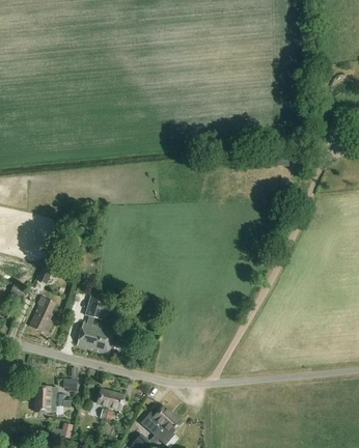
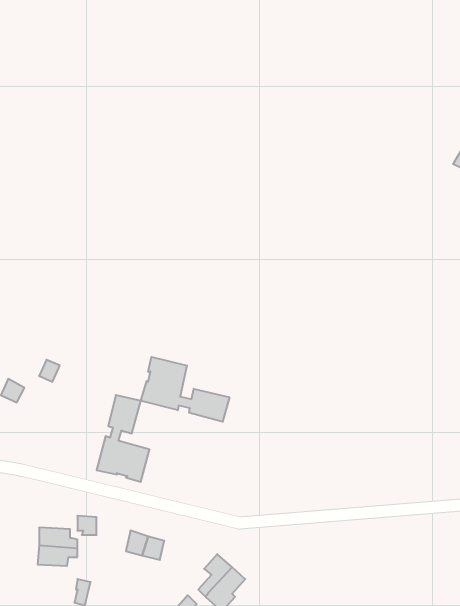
building: none -> [141,357,229,422]
building: [29,296,56,334] -> none

